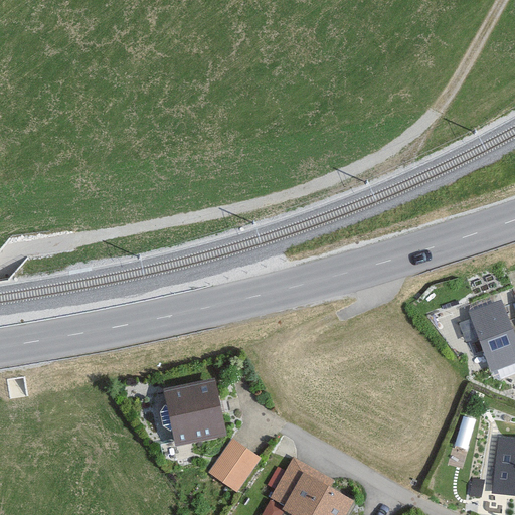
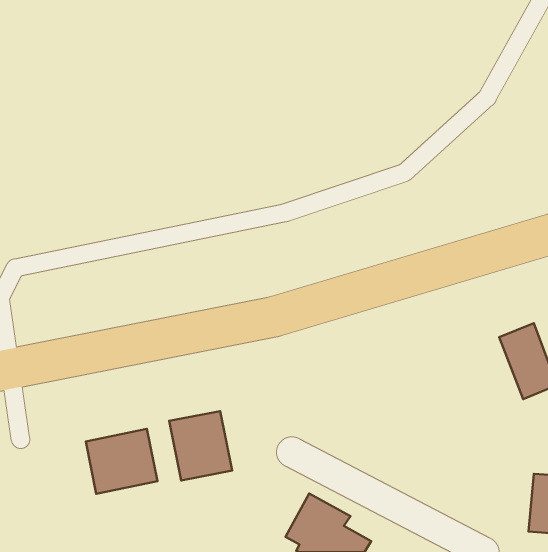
building: none -> [86,429,158,494]
building: [209,441,259,493] -> none

